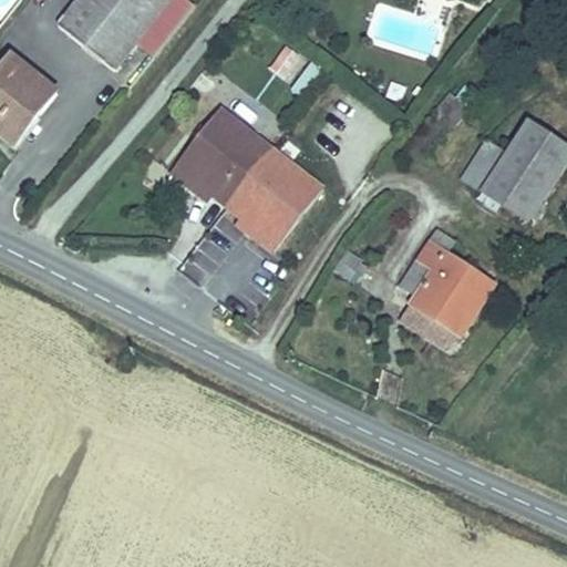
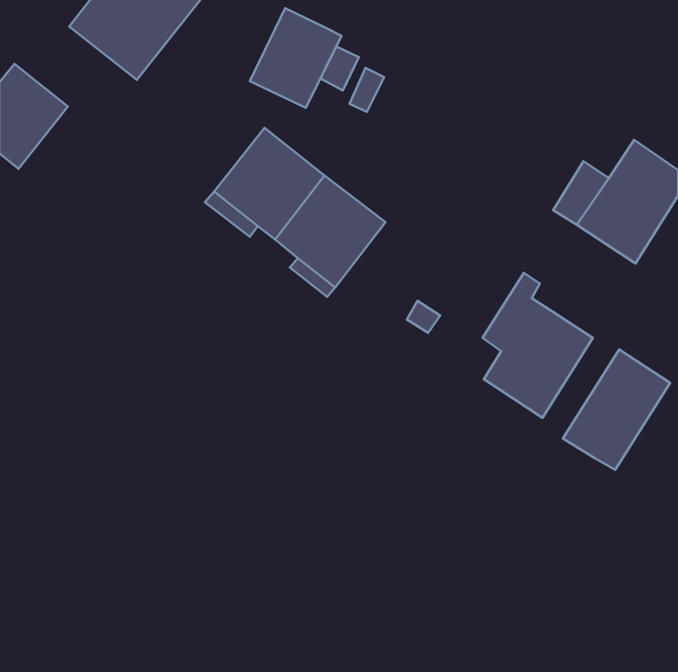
building: none -> [250,8,341,108]
building: none -> [563,350,670,470]

